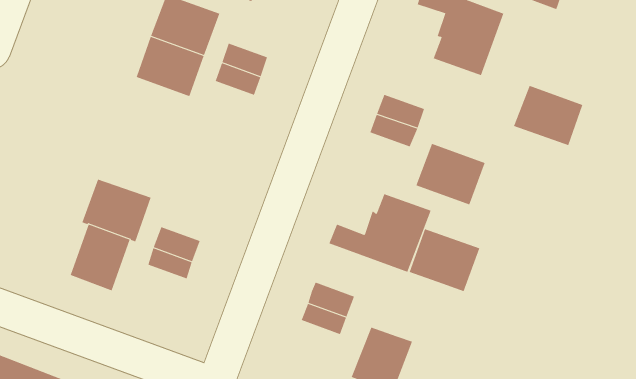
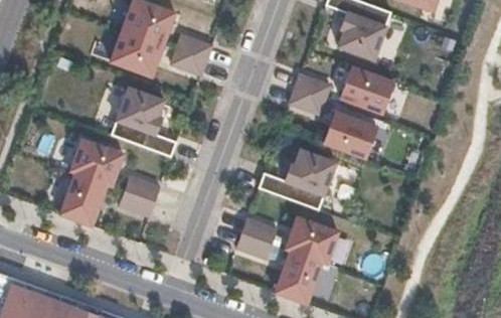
building: [513,85,583,146] -> [340,67,393,114]
building: none -> [111,87,177,156]
building: [409,228,480,292] -> [285,216,339,265]

